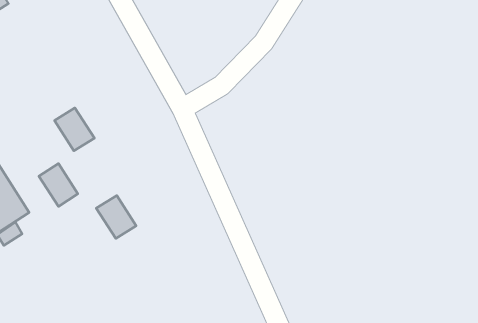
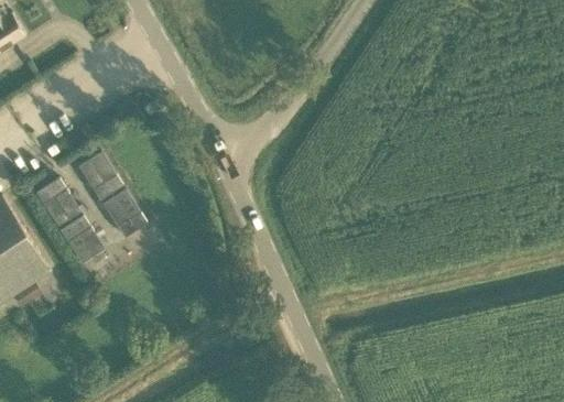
building: none -> [32,173,76,221]
building: [96,195,136,238] -> [98,185,143,233]

